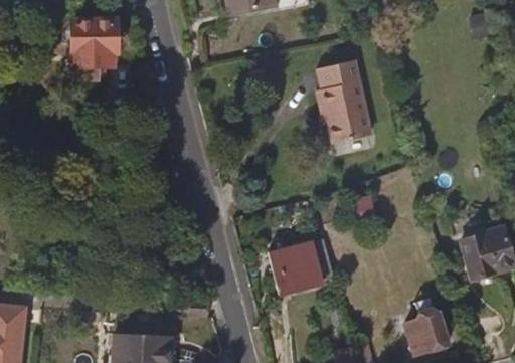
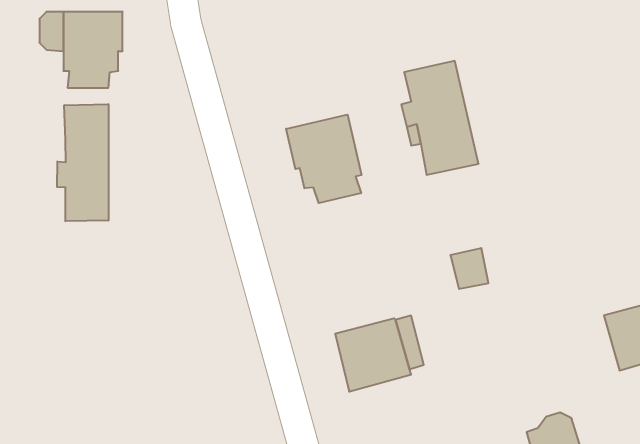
building: none -> [57,104,108,221]
building: none -> [286,115,361,203]

